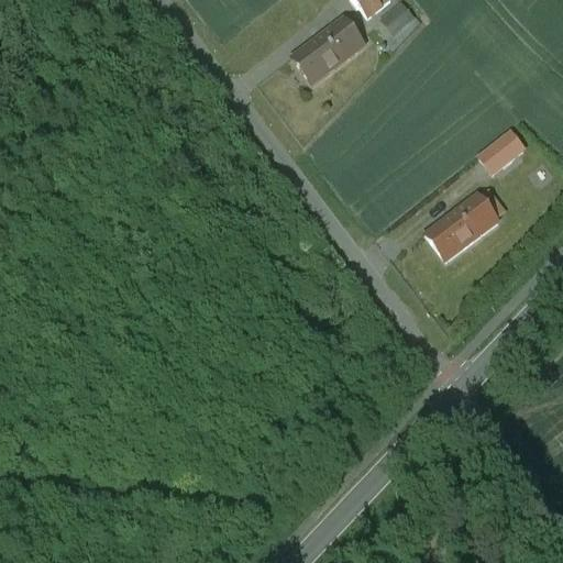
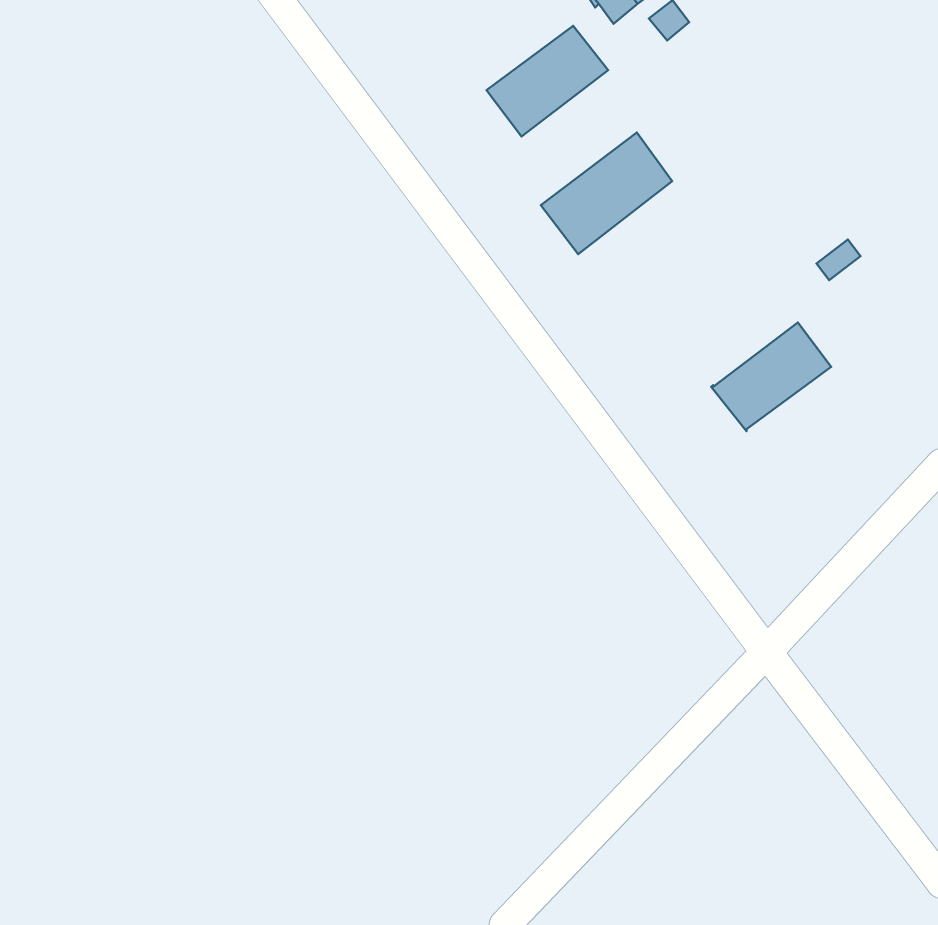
building: none -> [541,133,672,254]

